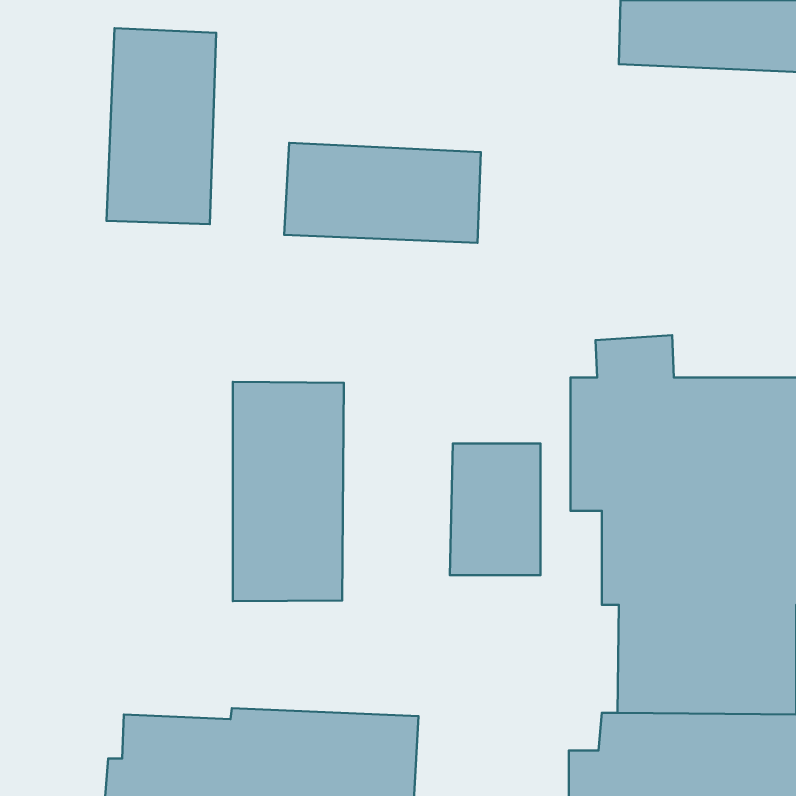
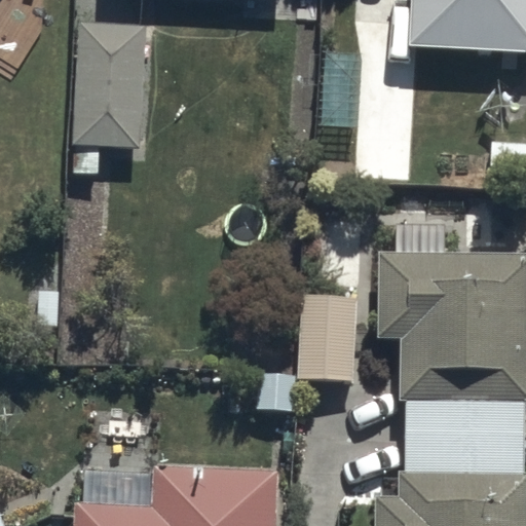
building: [284,143,481,243] -> none
building: [233,382,344,601] -> none

